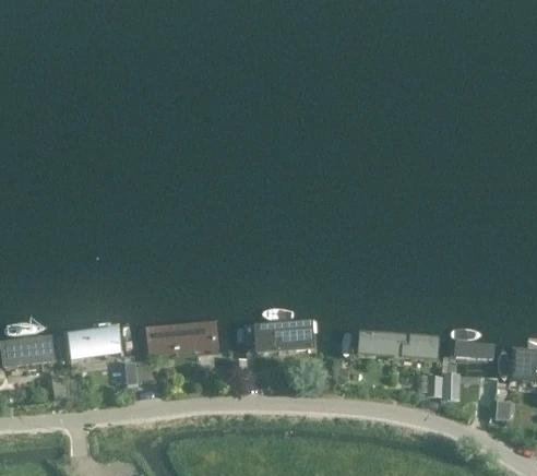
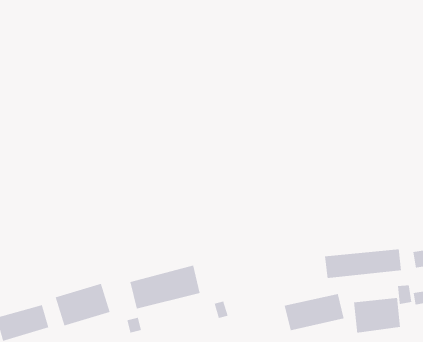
building: [253,320,314,350] -> [284,293,345,331]
building: none -> [353,297,401,333]

